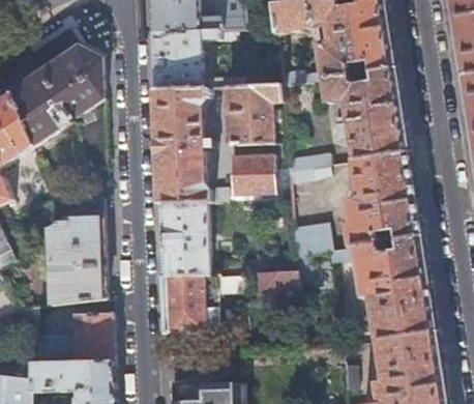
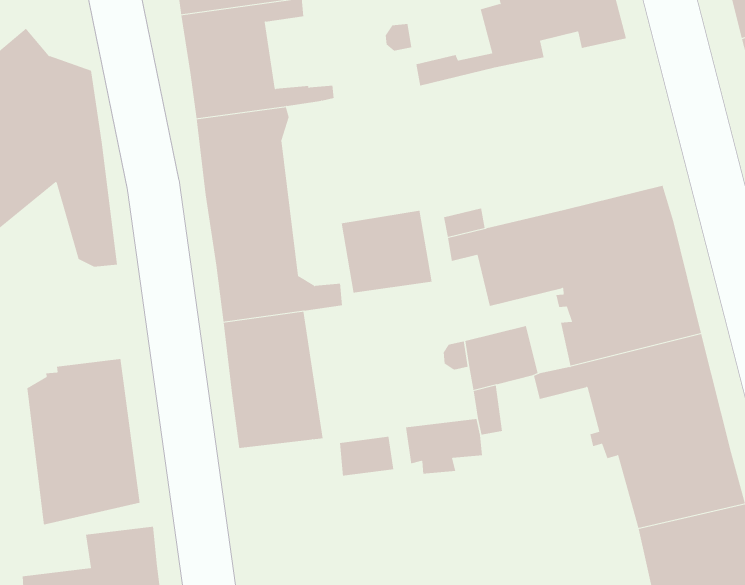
building: [321,68,408,160] -> none
building: [224,84,279,145] -> none
building: [159,273,203,331] -> none

